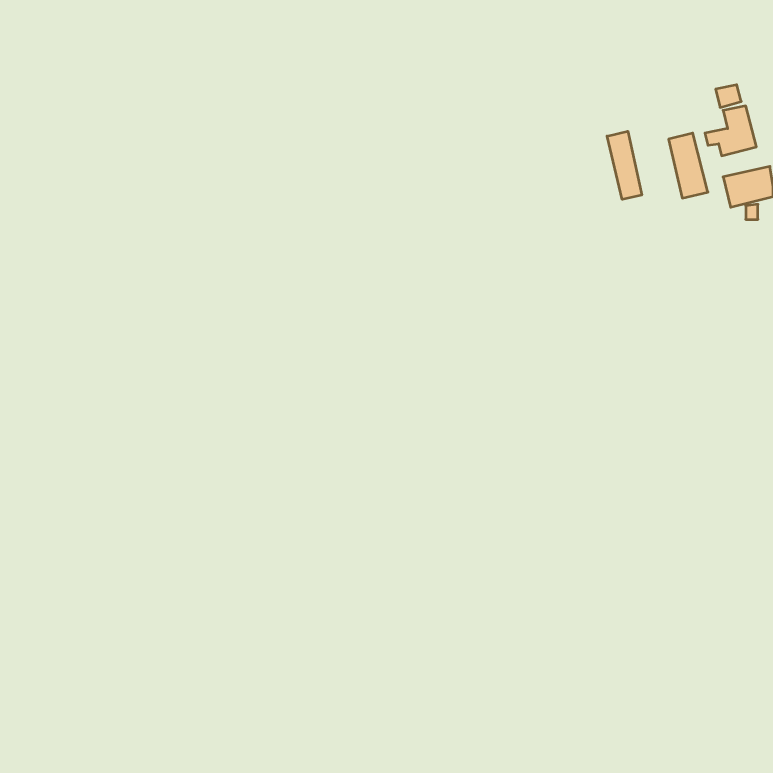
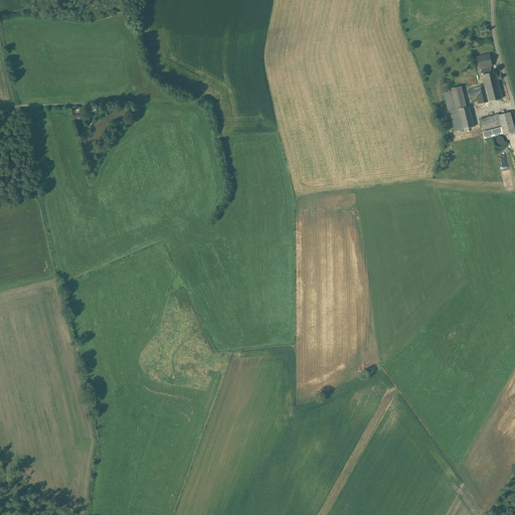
building: [607,131,642,199] -> none

